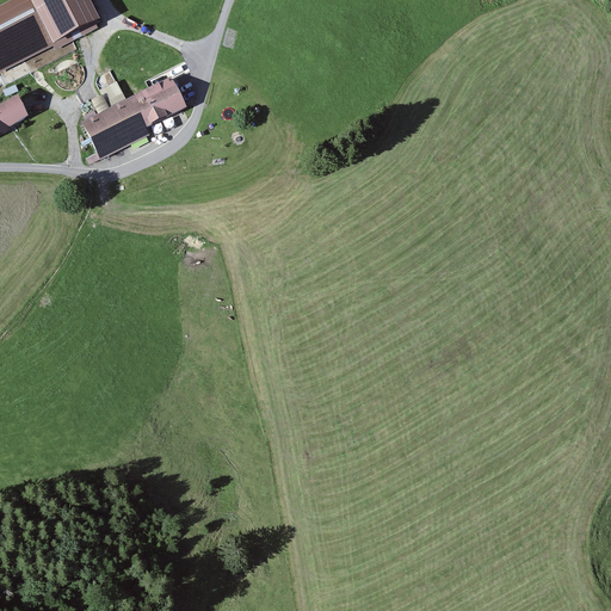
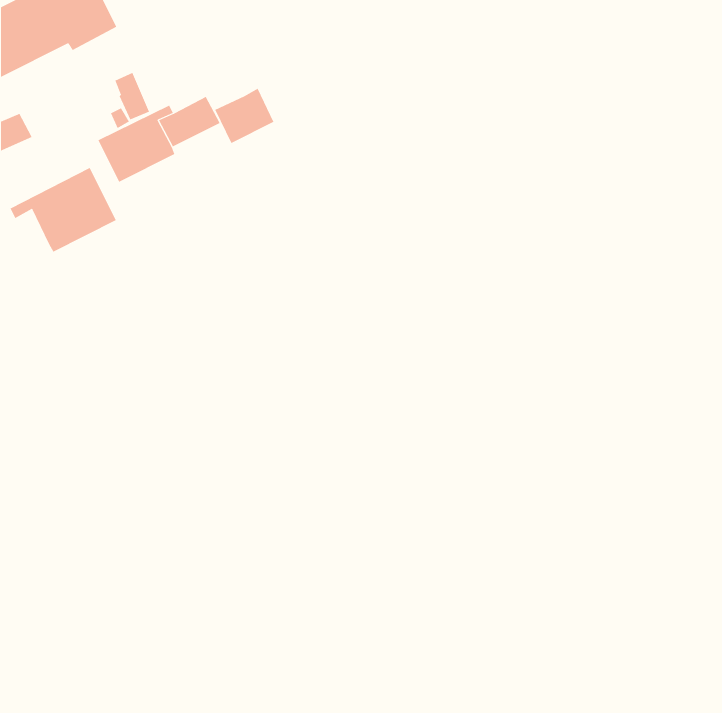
building: none -> [215,88,274,144]
building: none -> [10,167,117,252]

